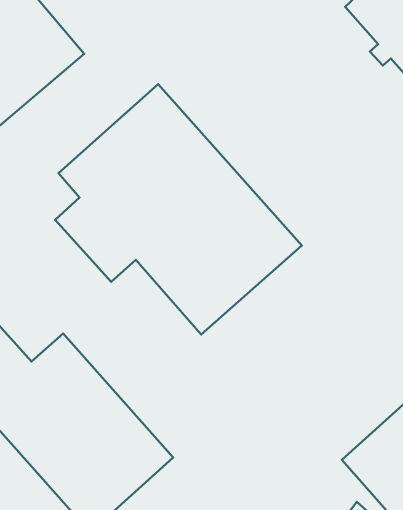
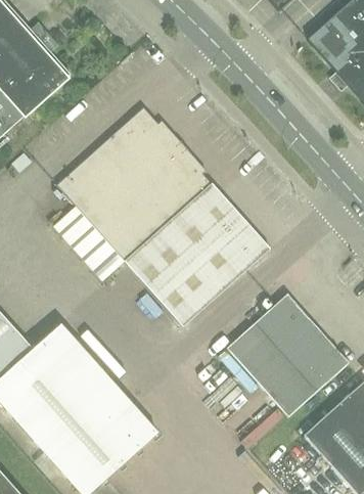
building: none -> [227,291,348,414]

